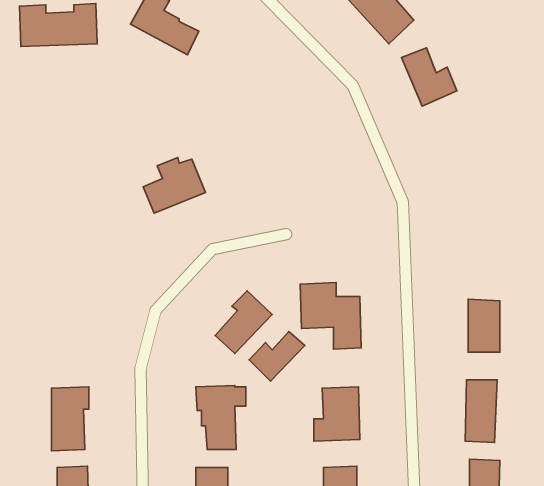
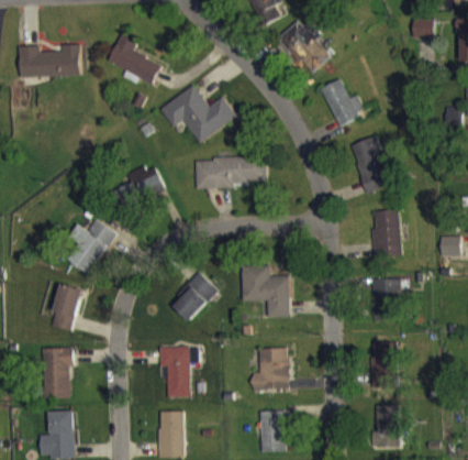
building: none -> [159,85,236,143]
building: none -> [348,135,394,194]
building: none -> [194,157,266,187]
building: none -> [371,210,401,258]
building: none -> [62,221,115,274]
building: none -> [51,284,83,331]
building: [249,331,305,381] -> none

